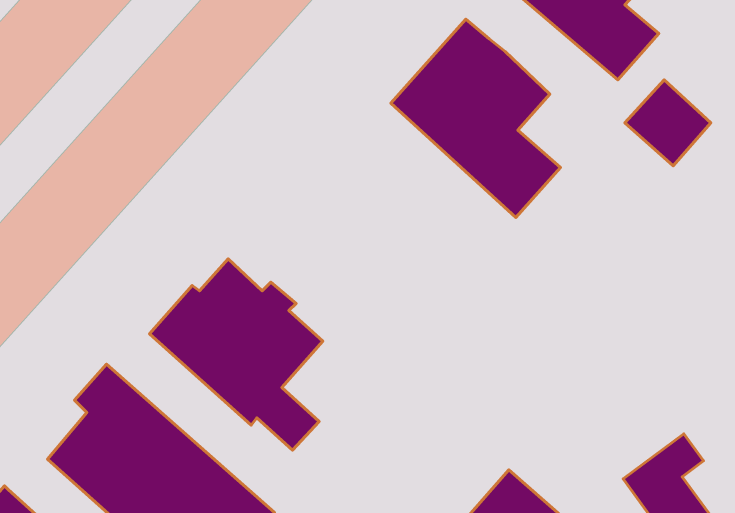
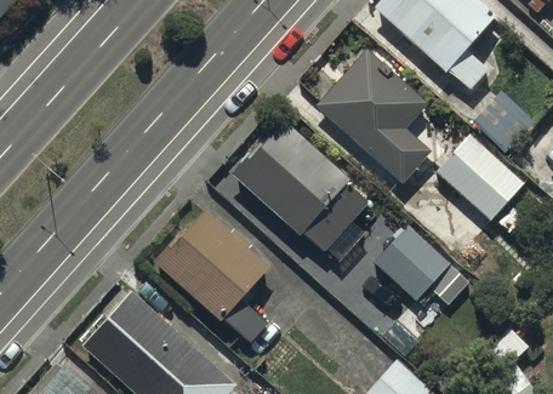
building: none -> [233,120,366,258]
building: none -> [437,133,523,218]
building: none -> [376,222,451,298]

